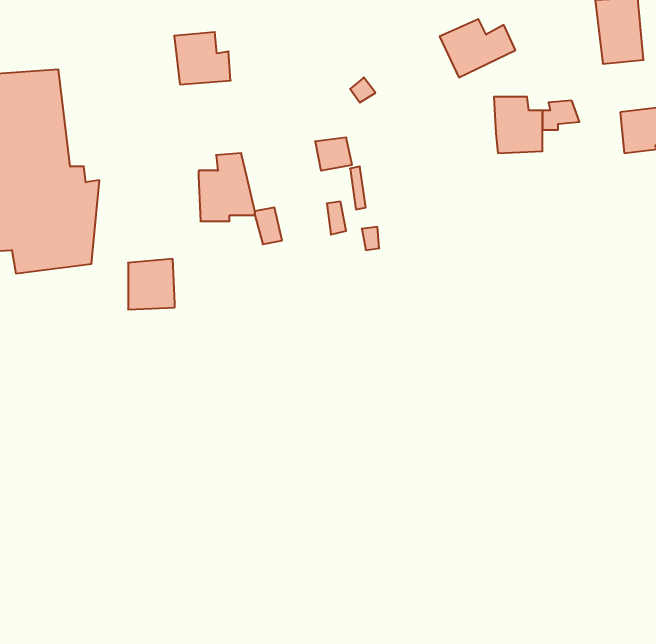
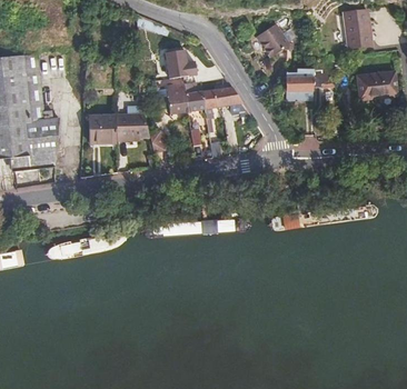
building: [174,32,231,84] -> [160,47,192,77]
building: none -> [166,81,187,111]
building: none -> [201,86,247,111]
building: [128,259,175,309] -> [91,112,118,141]

